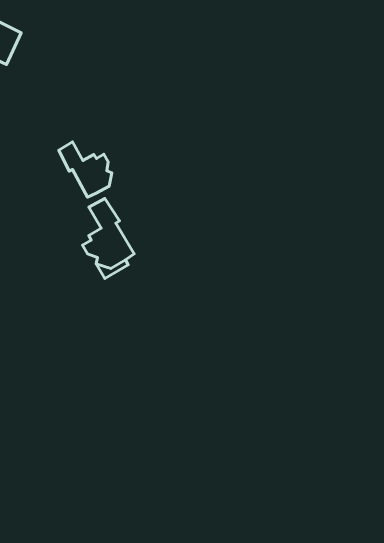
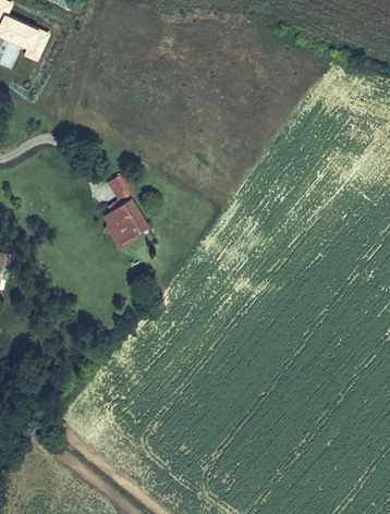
building: [59,142,112,197] -> none

